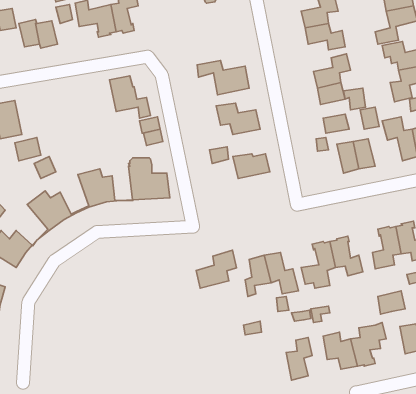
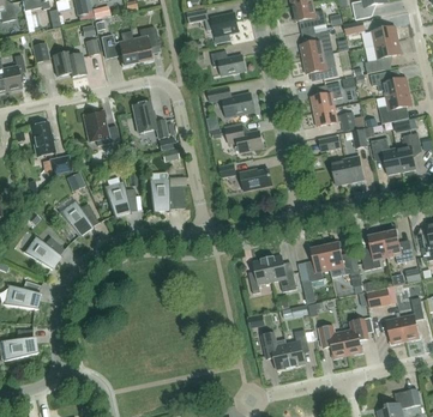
building: none -> [211,50,246,75]
building: none -> [83,111,120,145]
building: [196,250,237,288] -> none
building: none -> [263,333,291,369]

